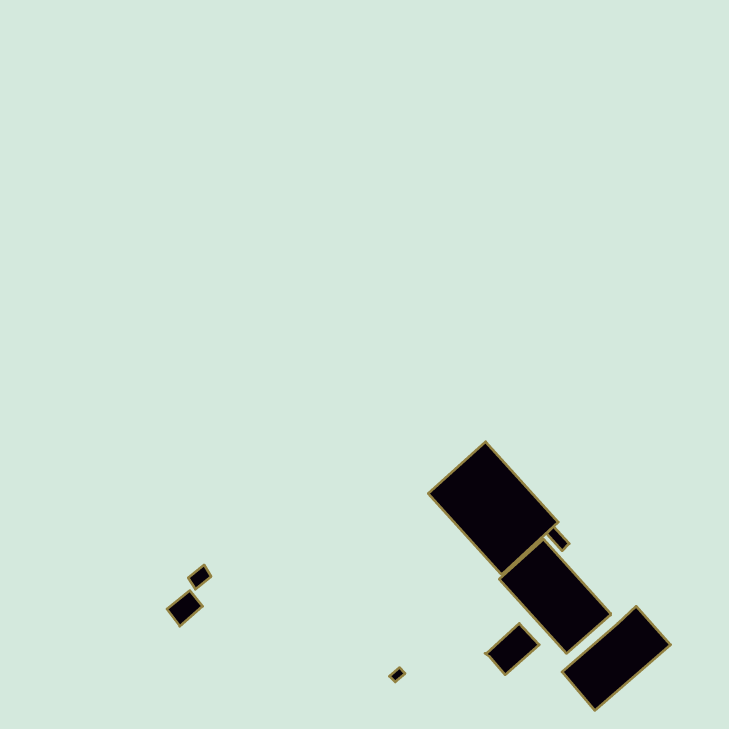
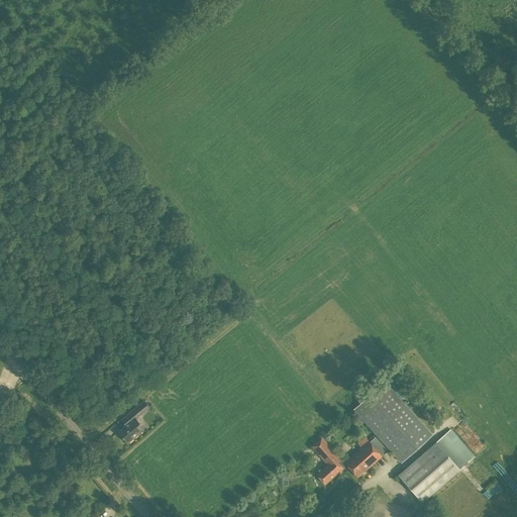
building: [428,442,558,574] -> none
building: none -> [312,437,346,484]

